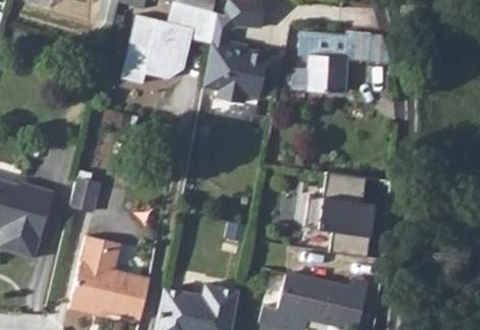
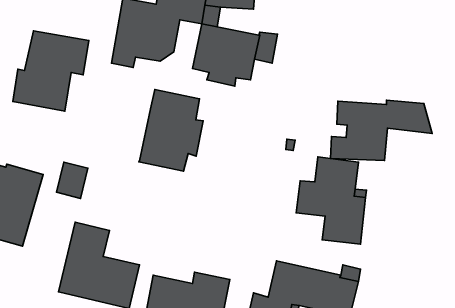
building: [290,32,389,91] -> [331,100,432,161]
building: none -> [13,31,89,111]
building: none -> [139,89,203,171]

